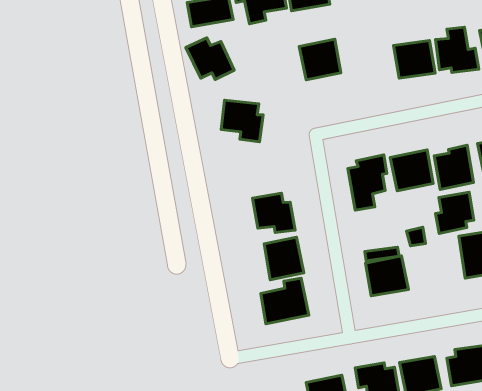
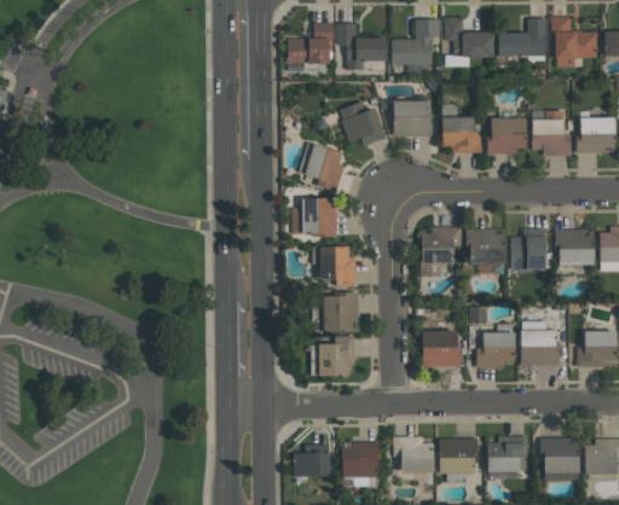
building: [186,38,234,79] -> [340,101,384,145]
building: none -> [441,117,481,153]
building: none -> [291,197,337,236]
building: [436,192,474,233] -> [476,332,514,368]

